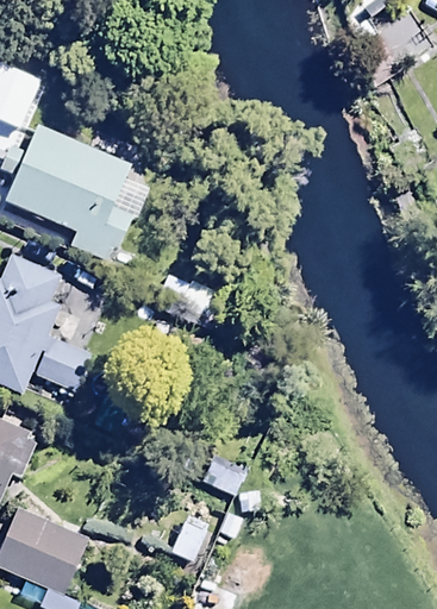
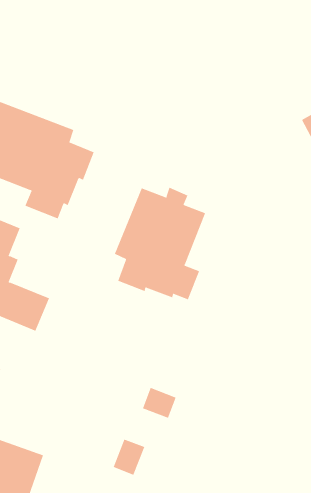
building: none -> [114,187,206,300]

